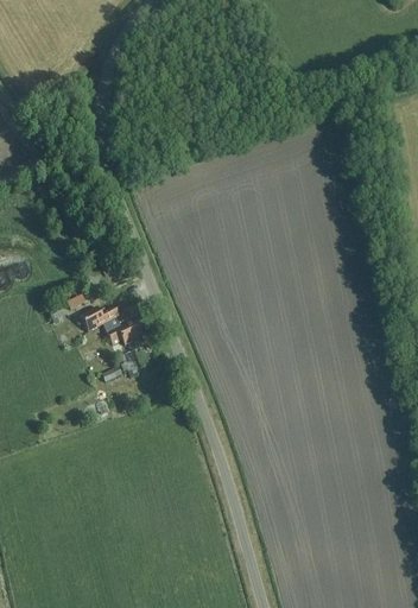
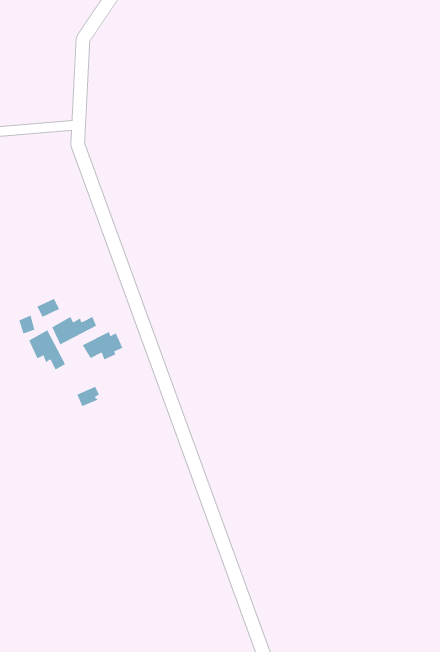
building: none -> [28,329,66,370]

